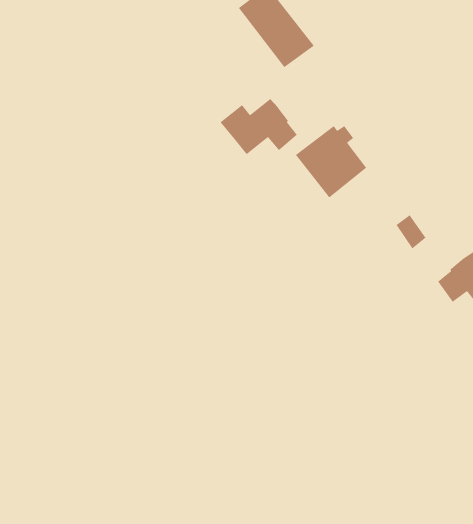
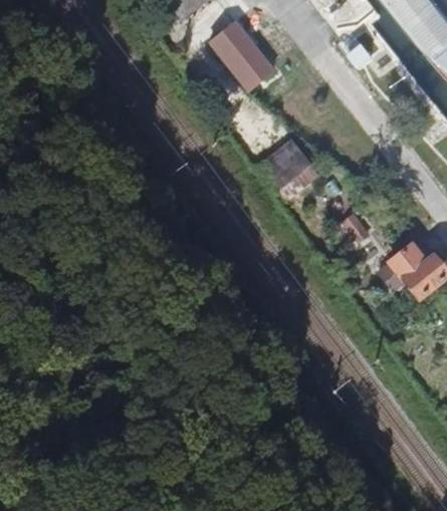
building: [219,98,298,155] -> none

